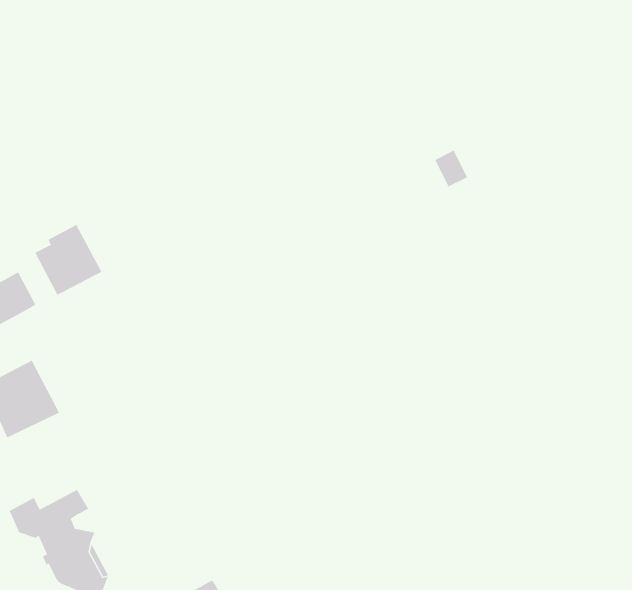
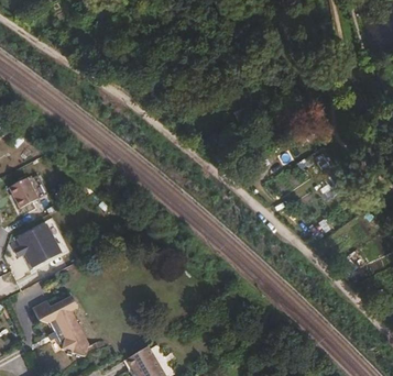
building: [34,224,102,295] -> none

